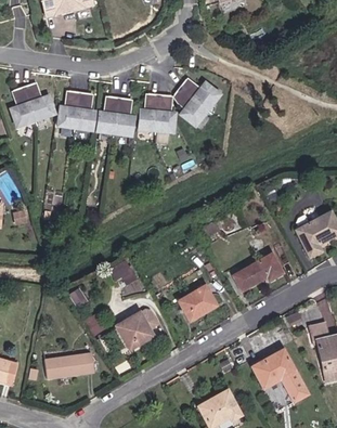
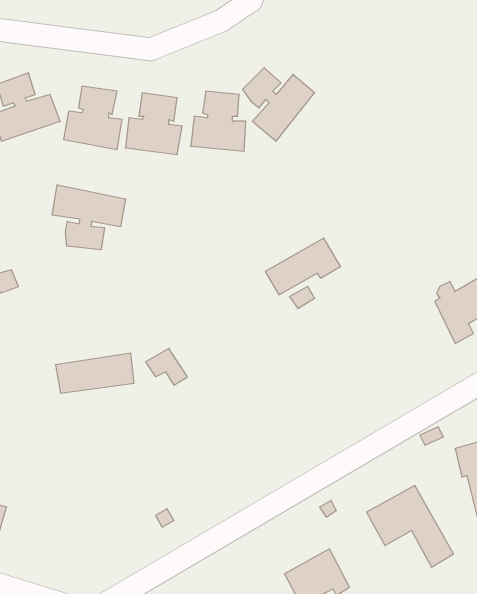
building: none -> [52,185,125,250]
building: [234,254,283,290] -> [265,238,341,295]
building: [179,285,217,321] -> none
building: [116,310,158,349] -> none
building: [44,352,95,378] -> [55,353,134,393]

